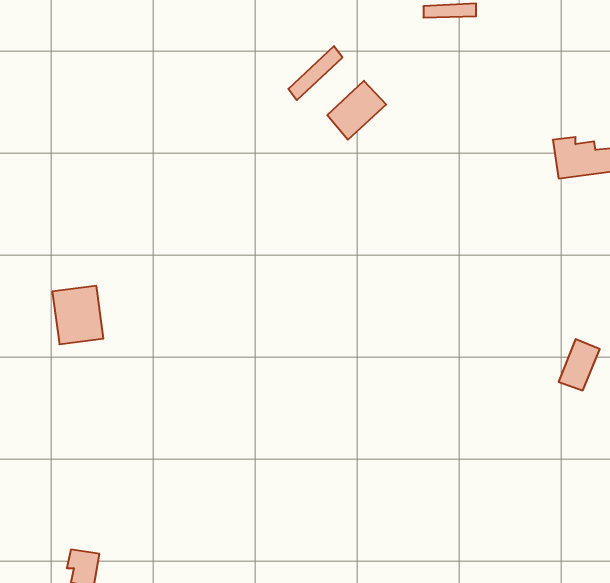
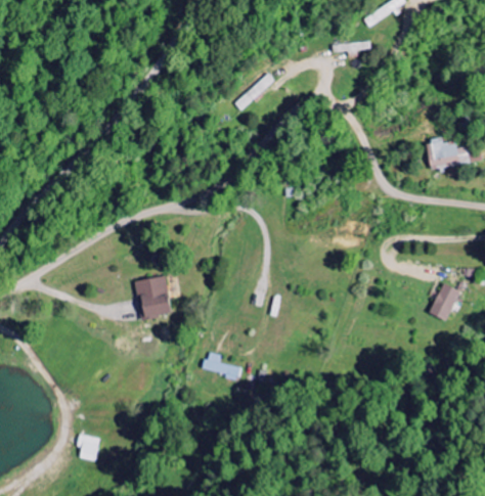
building: [327,81,386,140] -> none
building: [52,286,103,344] -> [134,276,171,318]
building: none -> [203,352,240,380]

